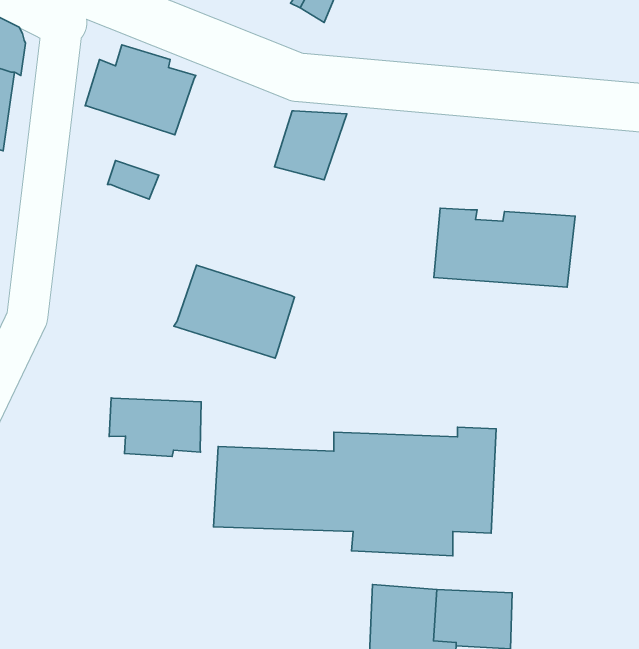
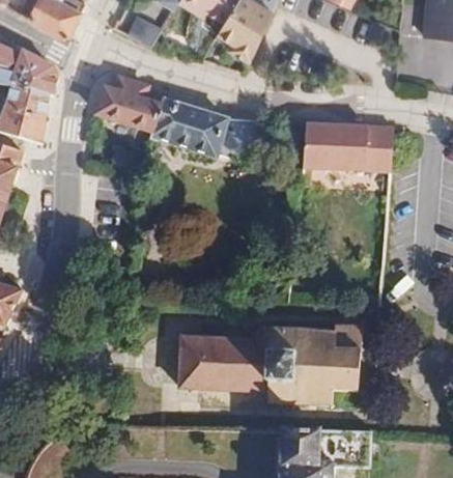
building: [434,208,575,287] -> [306,122,397,173]
building: [174,265,294,358] -> [150,97,228,158]
building: [109,398,201,457] -> none

